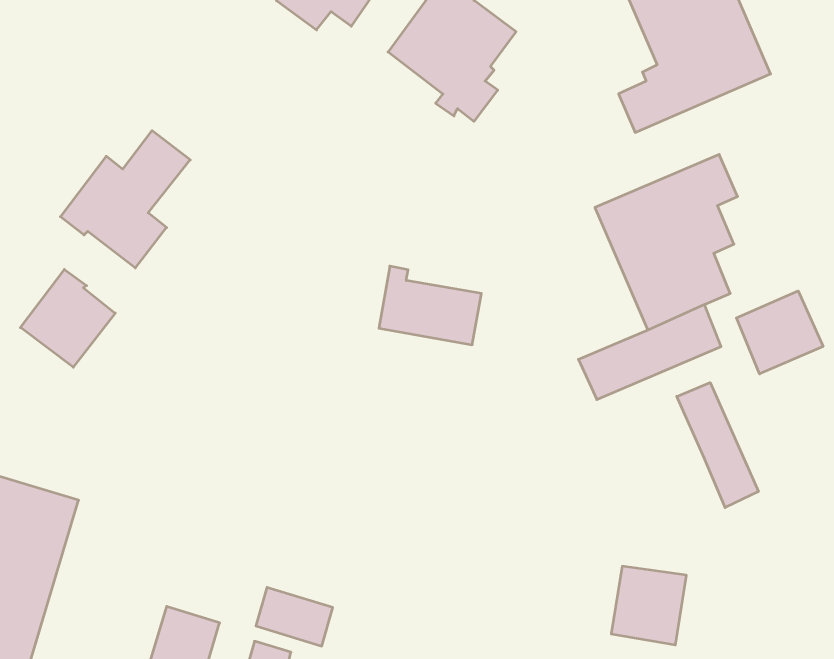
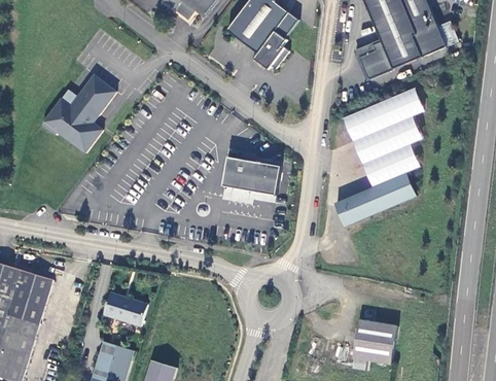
building: [20,269,115,367] -> none
building: [736,291,823,374] -> none
building: [677,383,758,508] -> none
building: [256,587,333,646] -> [103,293,146,326]

